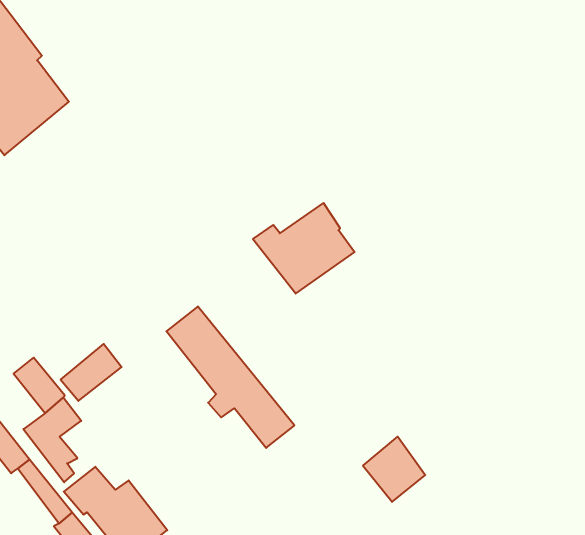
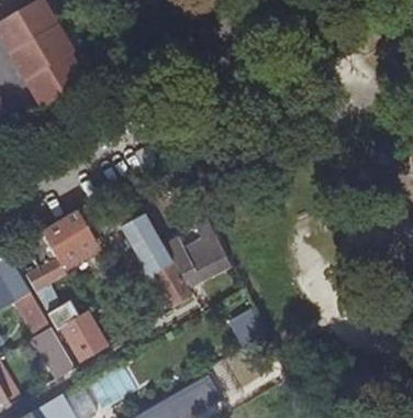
building: [253,203,355,294] -> [166,233,225,285]

